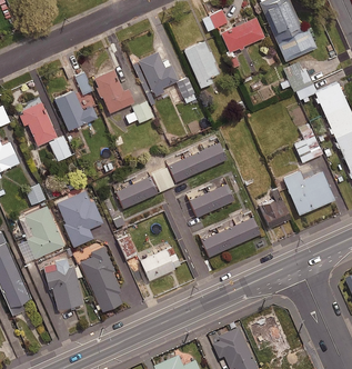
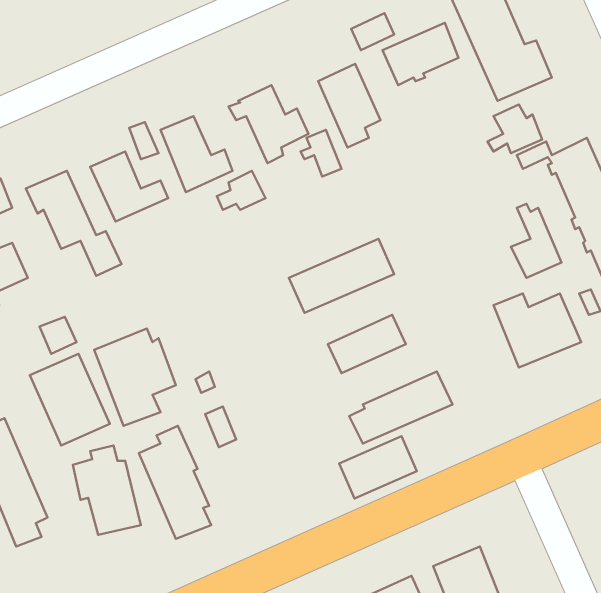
building: [115,176,158,208] -> none
building: [261,196,290,227] -> none
building: [140,243,184,279] -> [339,436,417,499]

